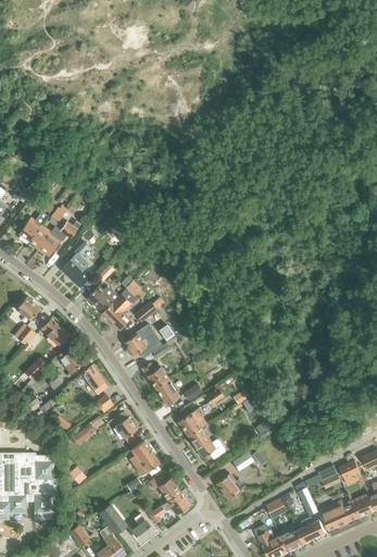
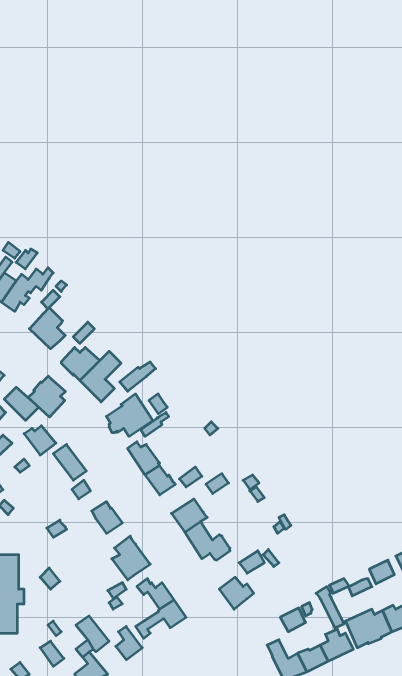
building: none -> [28,376,65,417]

